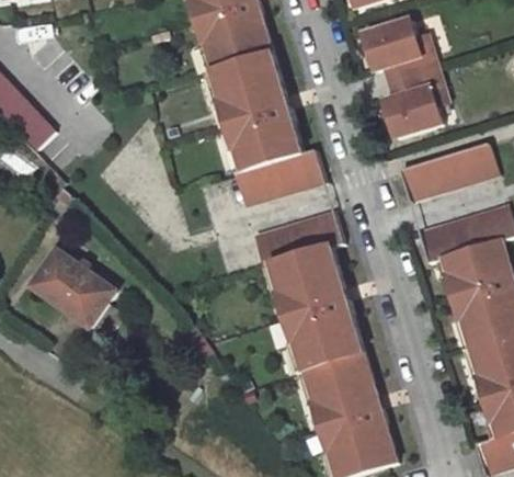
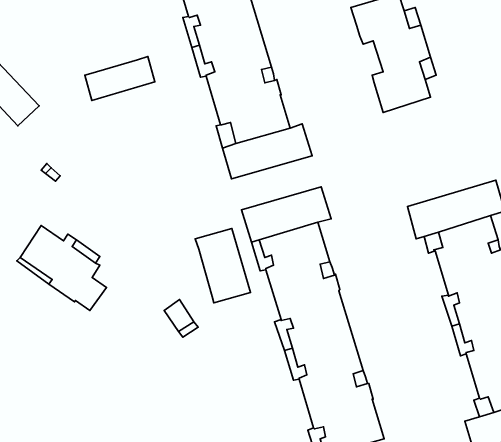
building: none -> [85,56,155,101]
building: [399,143,496,201] -> none
building: none -> [195,229,251,303]

